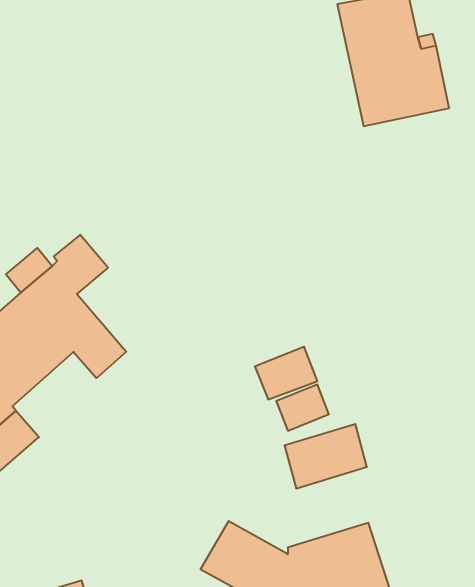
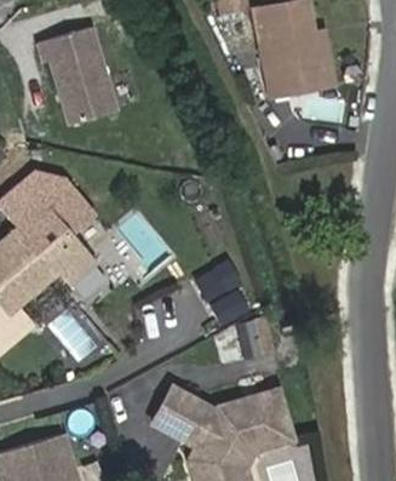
building: none -> [40,25,116,121]

